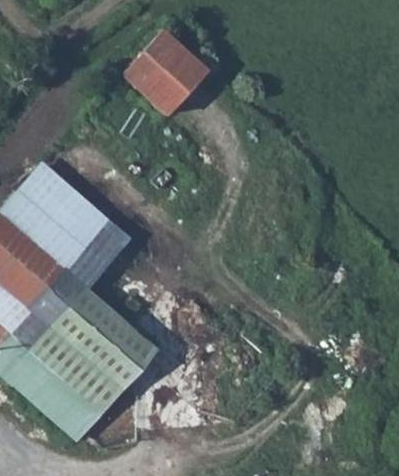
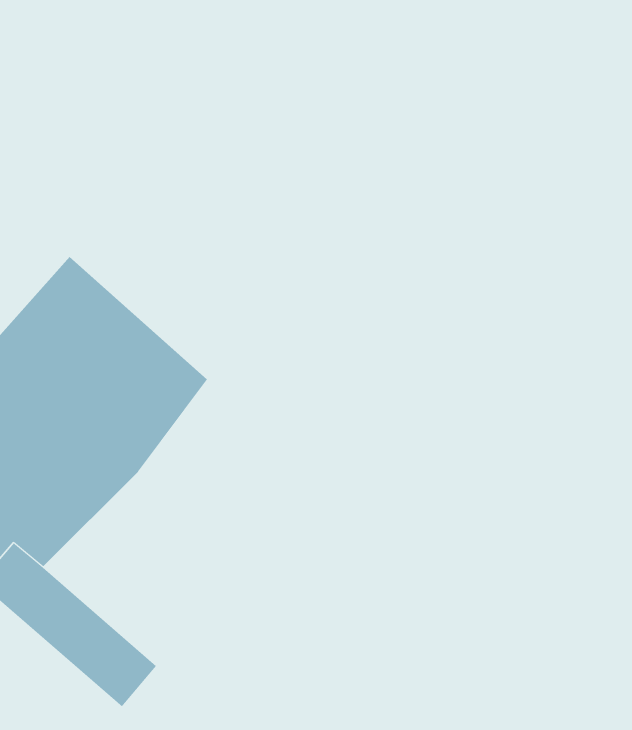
building: [121,33,205,119] -> none
building: [29,294,152,413] -> none

